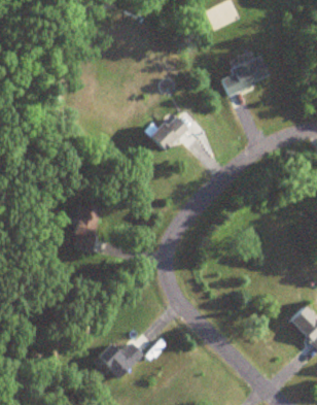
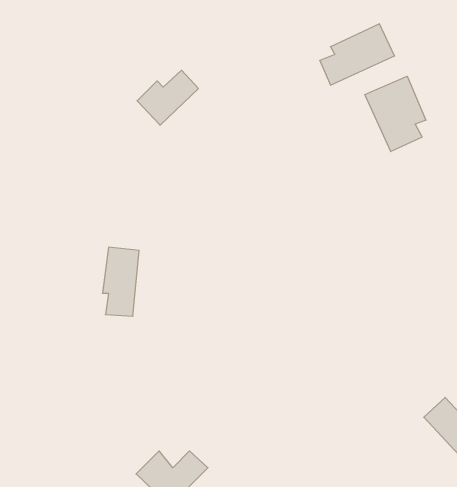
building: none -> [365,76,426,152]
building: [147,115,188,153] -> [137,70,198,125]

